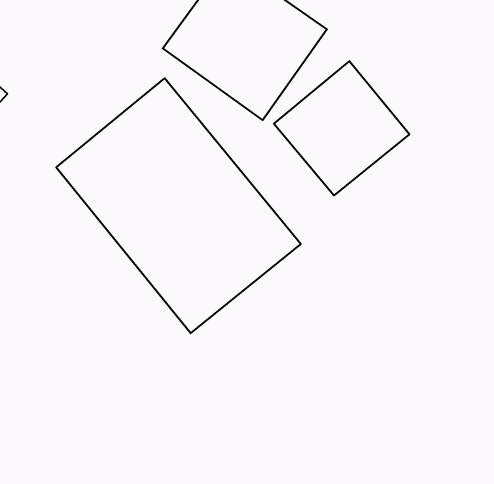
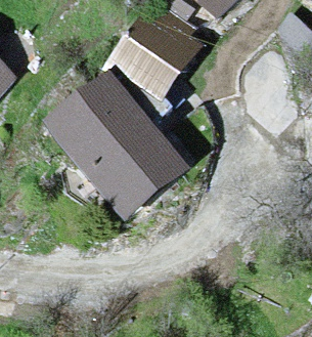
building: [274,61,409,195] -> none

